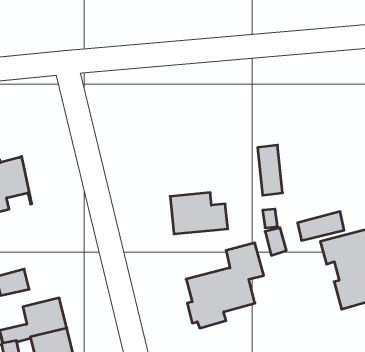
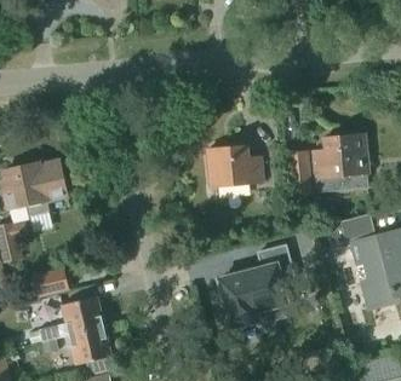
building: none -> [314,133,368,189]
building: [170,193,228,234] -> [207,145,263,185]

